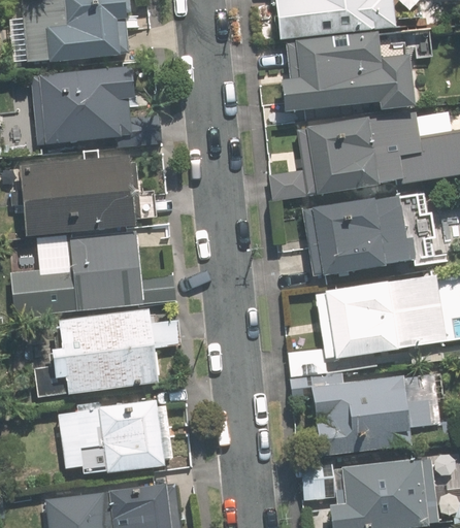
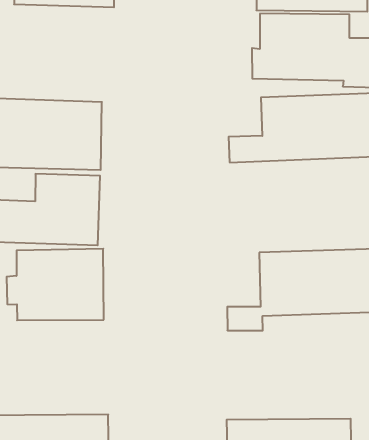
building: [31,69,136,144] -> none
building: [301,193,414,275] -> none
building: [311,370,441,456] -> none
building: [59,399,167,475] -> none

